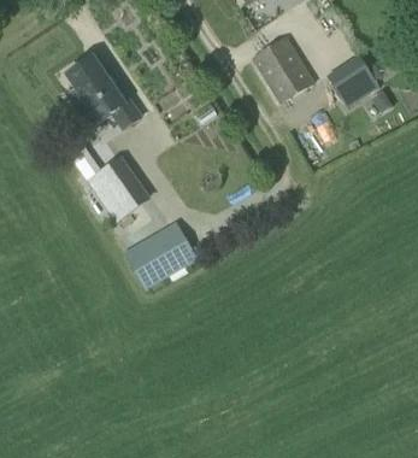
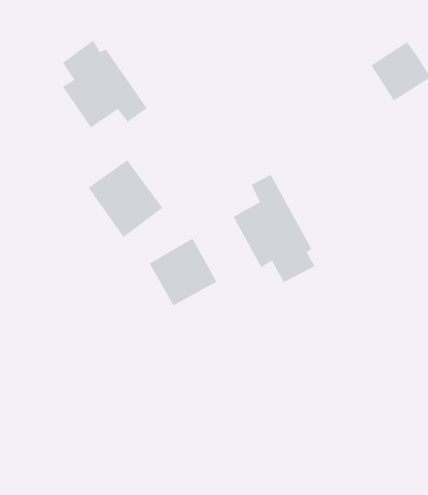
building: [249,36,312,104] -> none
building: none -> [233,174,316,283]

